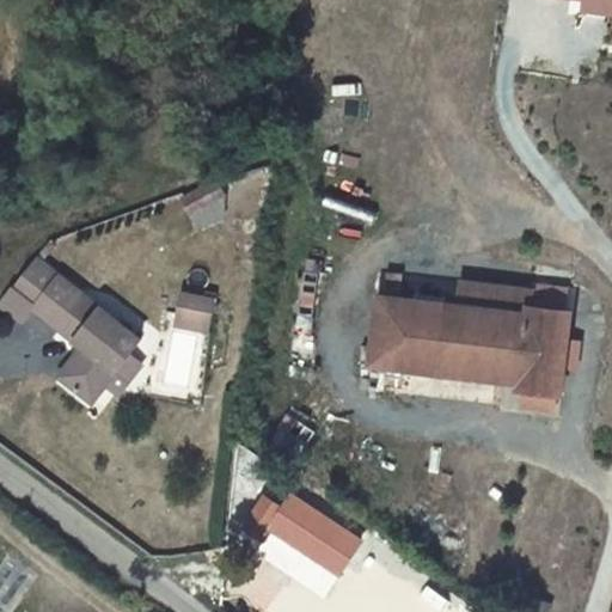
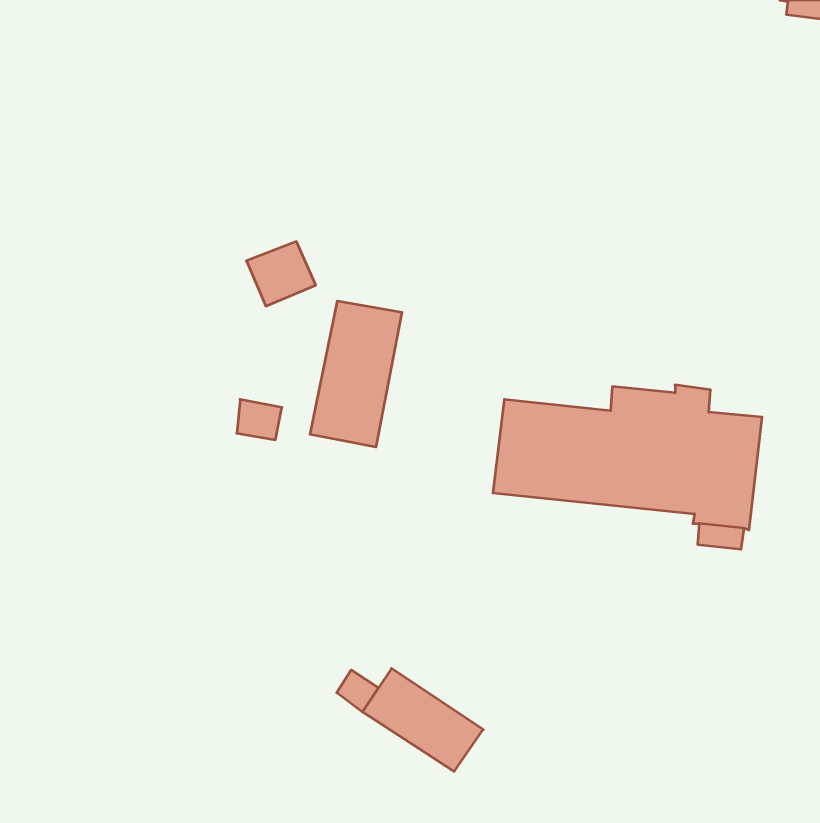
building: none -> [310,301,402,447]
building: [12,263,145,408] -> none

